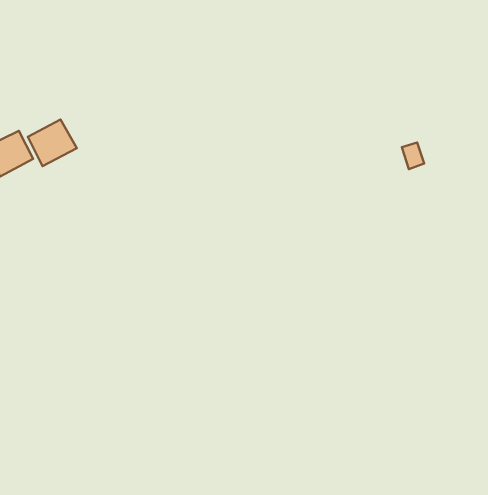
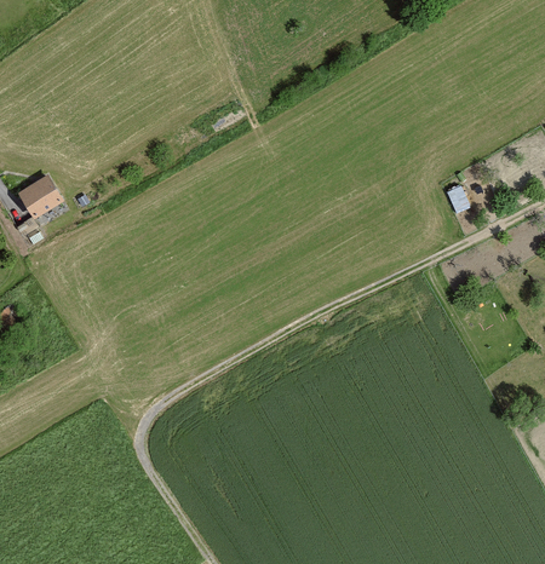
building: [28,120,77,166] -> none

